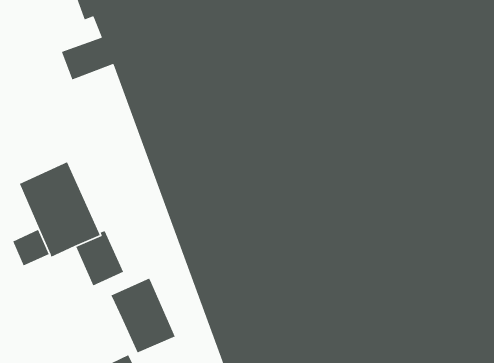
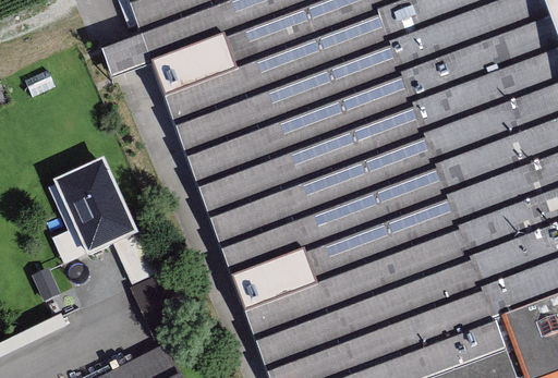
building: [110,277,176,354] -> none

